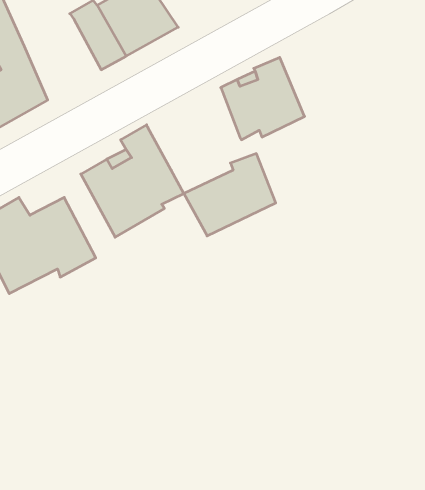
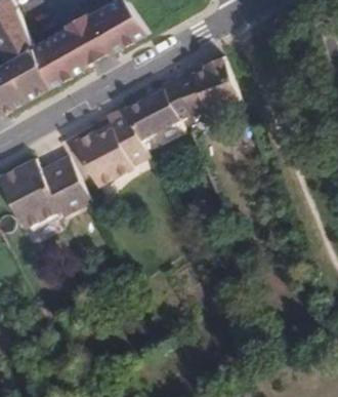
building: none -> [32,27,89,87]
building: [184,154,276,236] -> [124,78,193,140]

